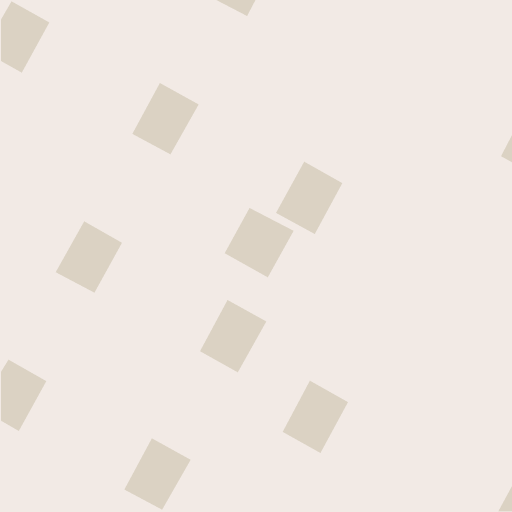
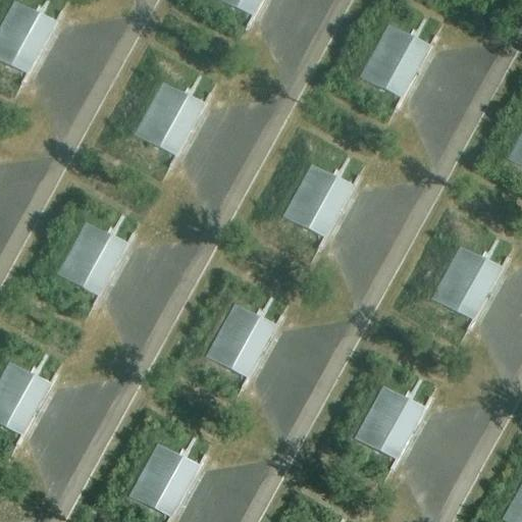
building: none -> [358,22,427,98]
building: [223,207,295,279] -> none
building: none -> [432,245,502,320]
building: [281,380,349,454] -> [356,384,424,460]

